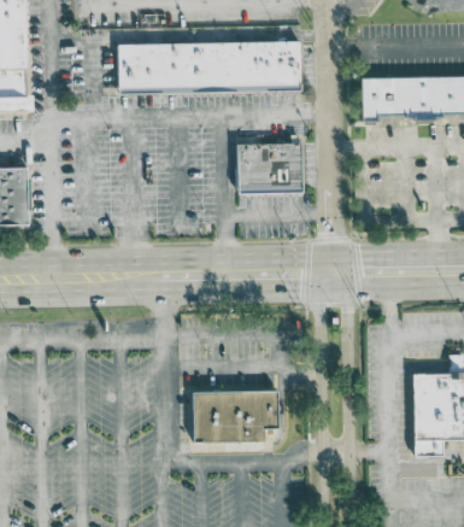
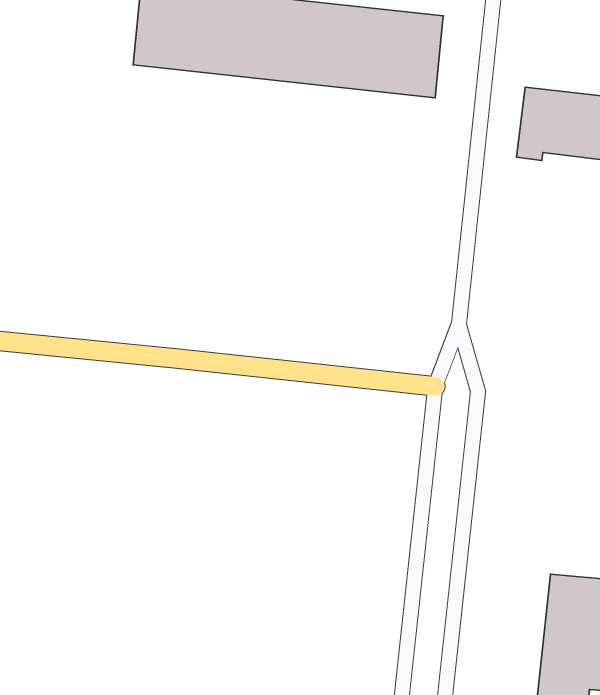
building: [235,142,301,193] -> none
building: [192,391,278,443] -> none

